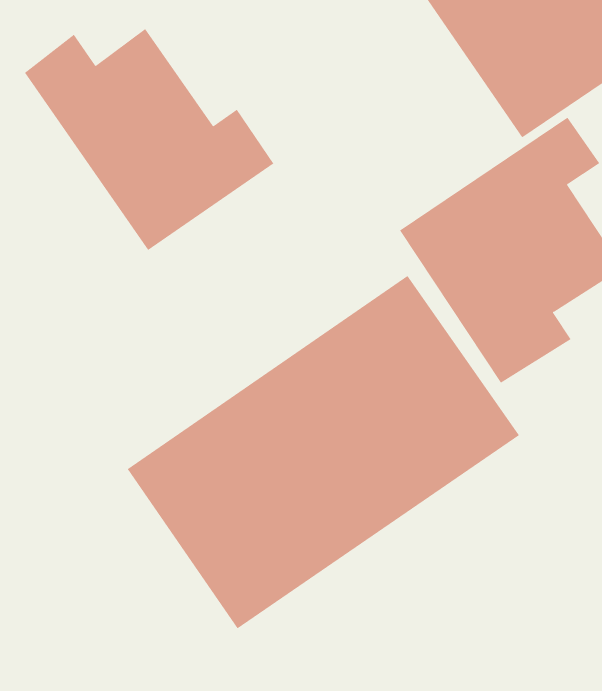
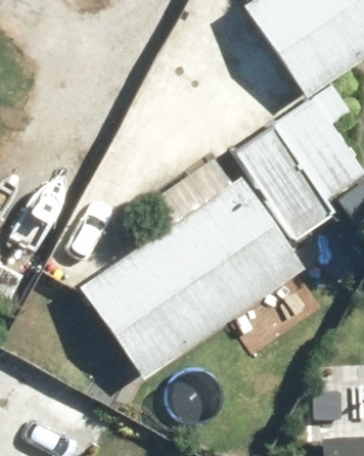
building: [24,28,274,251] -> none

